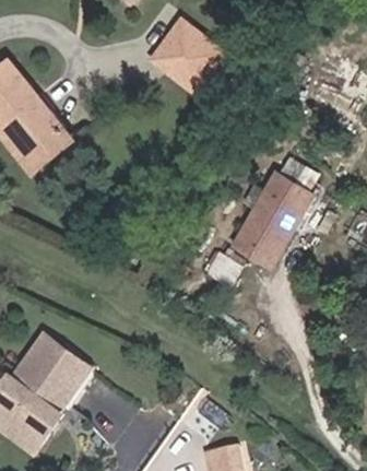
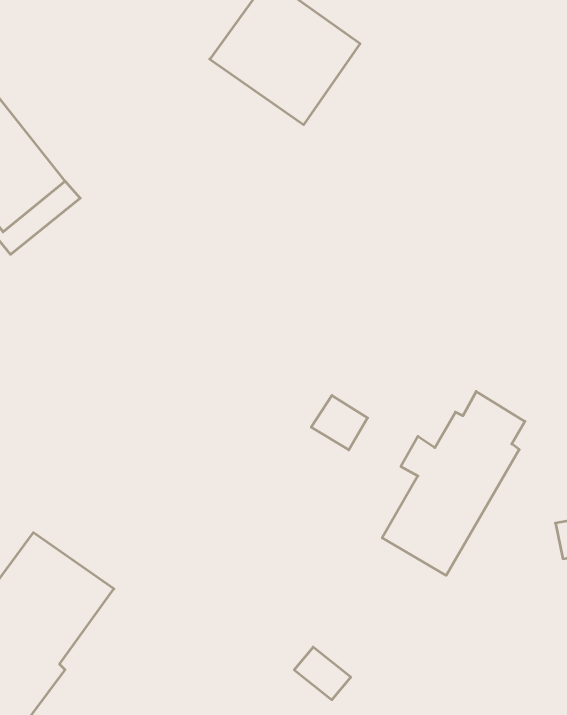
building: [233,161,316,268] -> [382,391,525,575]

